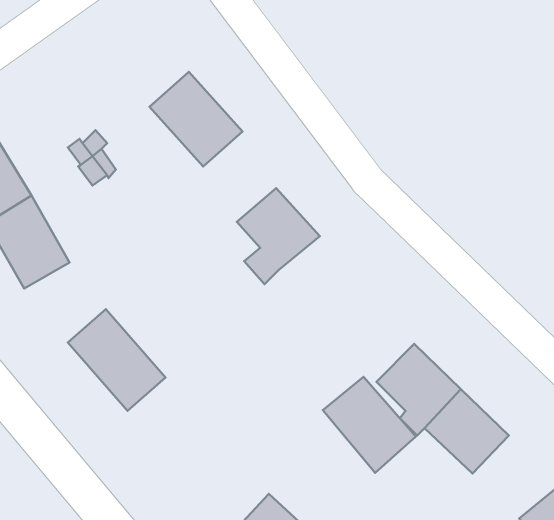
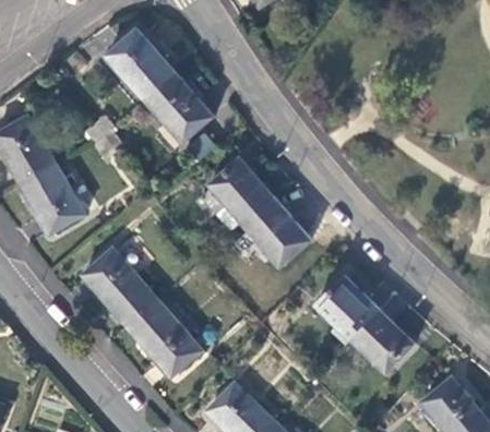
building: none -> [106,28,172,96]
building: [323,377,416,473] -> [240,193,310,265]
building: none -> [127,299,200,374]

